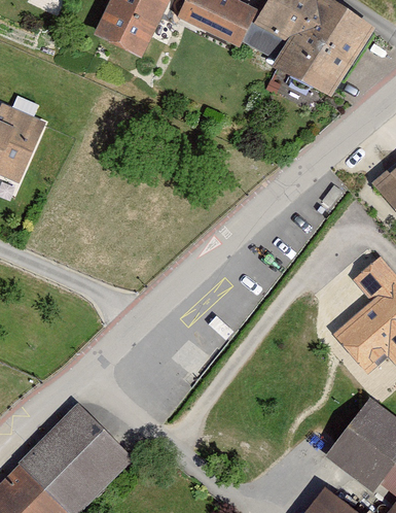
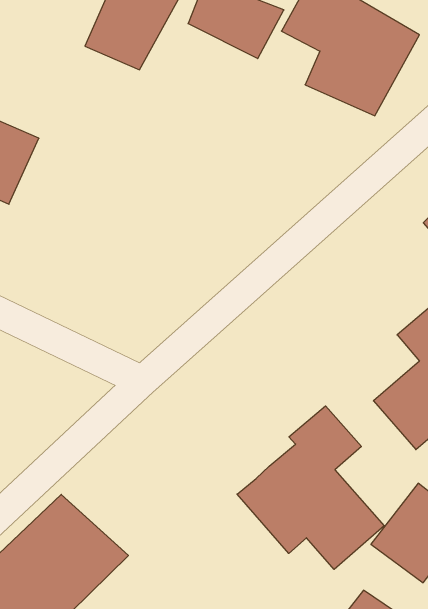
building: none -> [237,406,384,569]

